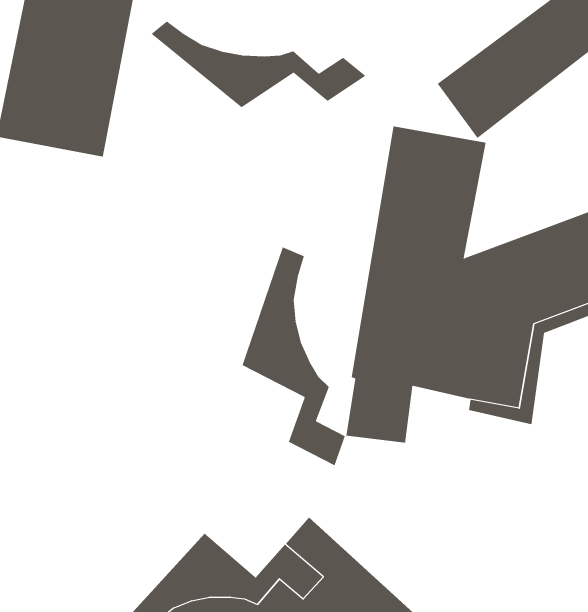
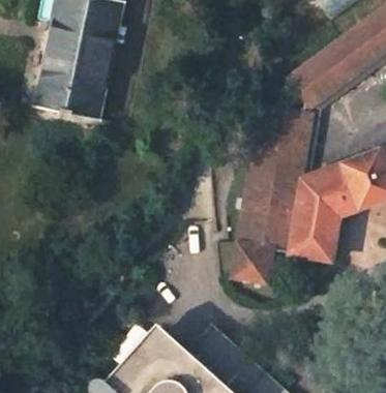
building: [150,21,366,108] -> none
building: [242,247,345,466] -> none

